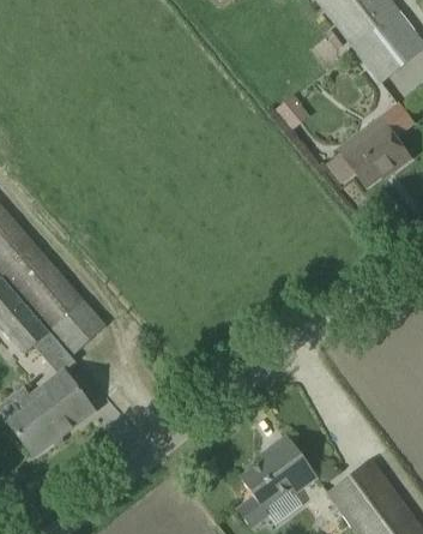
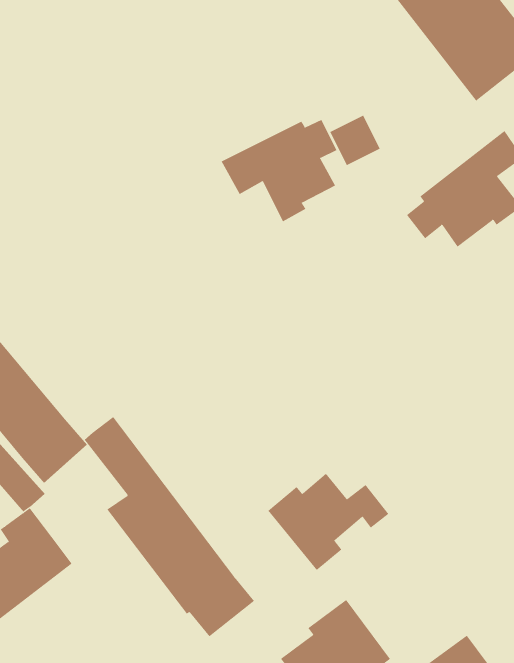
building: none -> [221,119,337,222]
building: none -> [84,416,255,637]
building: none -> [268,473,389,571]

